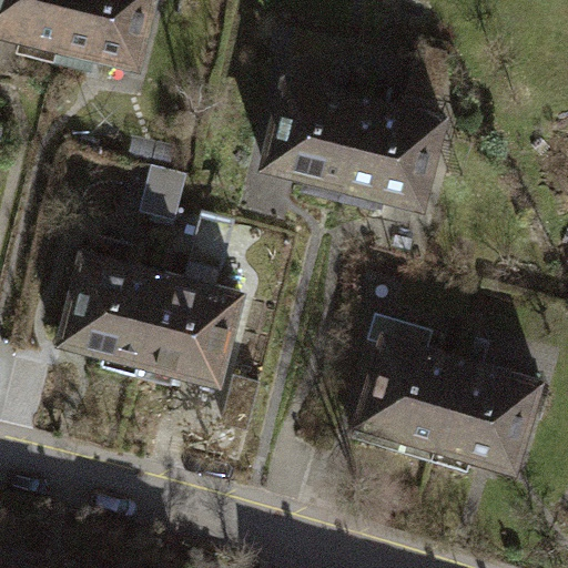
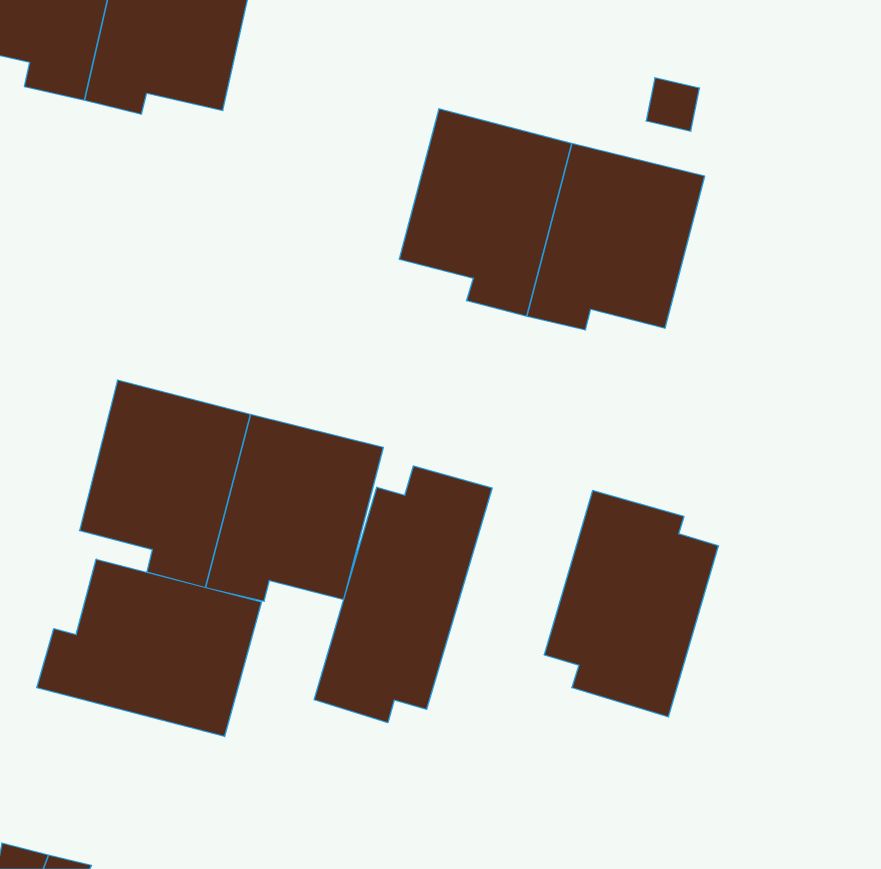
building: none -> [314,466,492,723]
building: [429,351,547,473] -> none
building: none -> [37,559,262,737]

